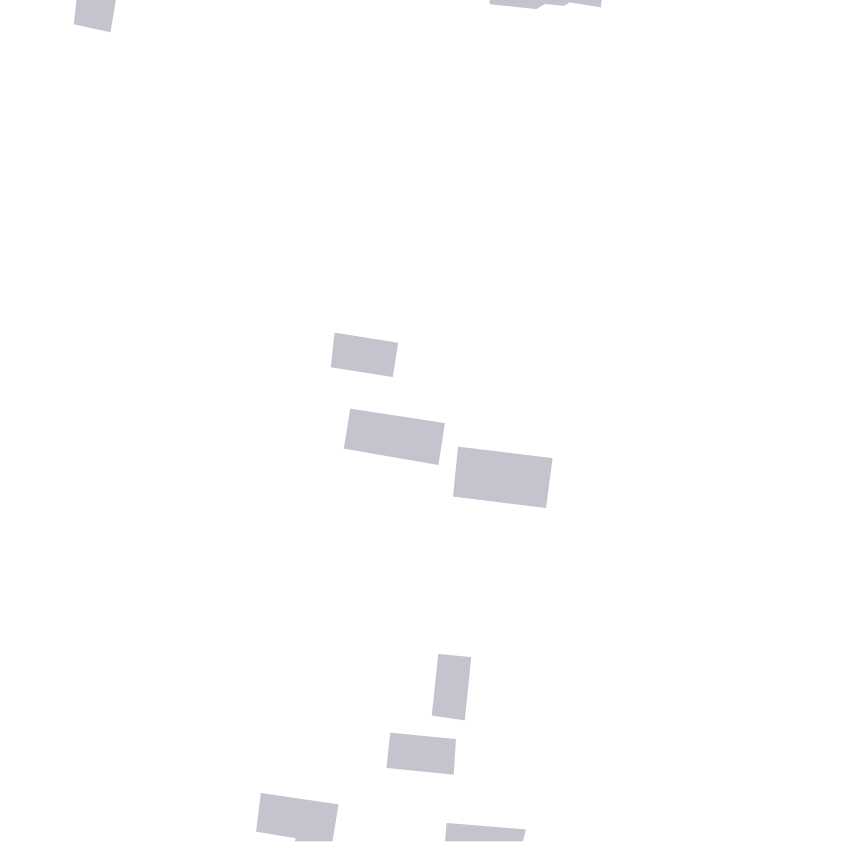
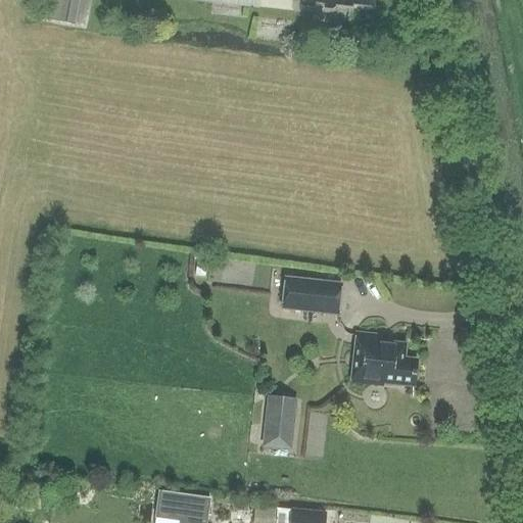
building: [330,332,399,378] -> none
building: none -> [350,332,417,385]
building: [385,732,457,776] -> none

